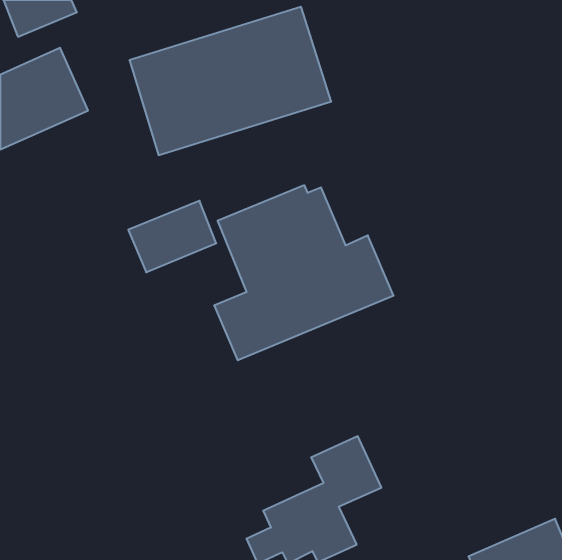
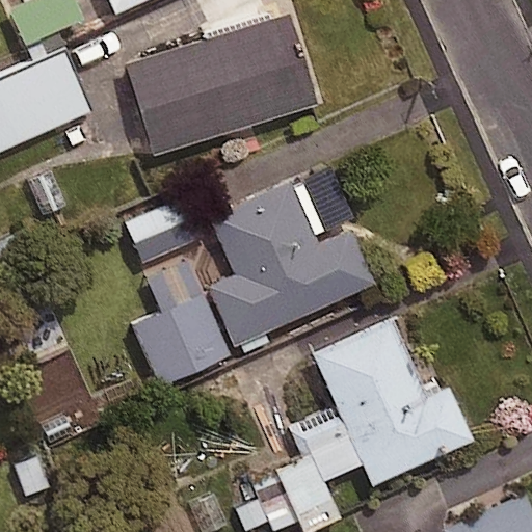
building: none -> [134,258,232,384]
building: none -> [312,318,471,484]

